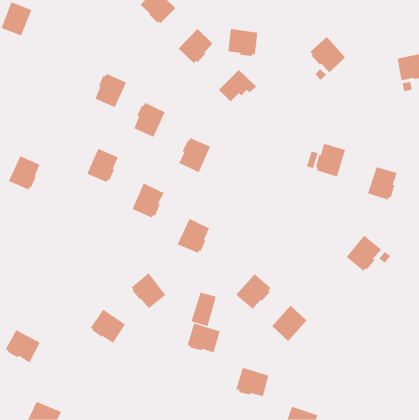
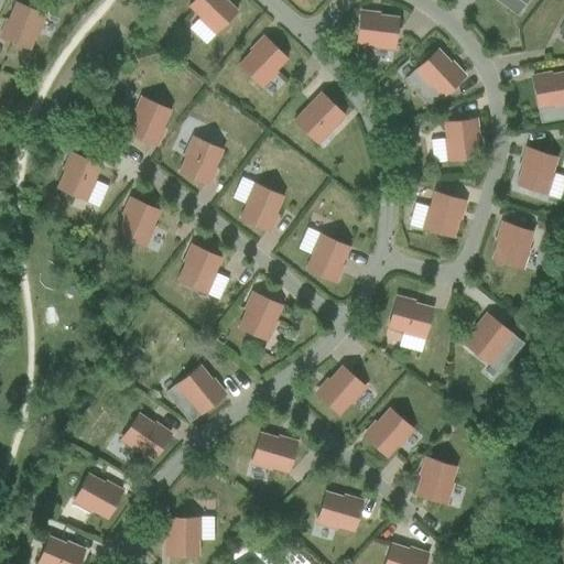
building: [228,28,258,56] -> [358,12,399,50]
building: none -> [445,119,480,160]
building: none -> [518,148,558,194]
building: [8,156,40,190] -> [58,153,101,199]
building: none -> [306,235,350,281]
building: none -> [389,297,433,338]
building: [191,292,216,327] -> none
building: [5,329,40,363] -> [75,474,122,519]
building: none -> [416,457,457,503]
building: none -> [169,517,202,555]

